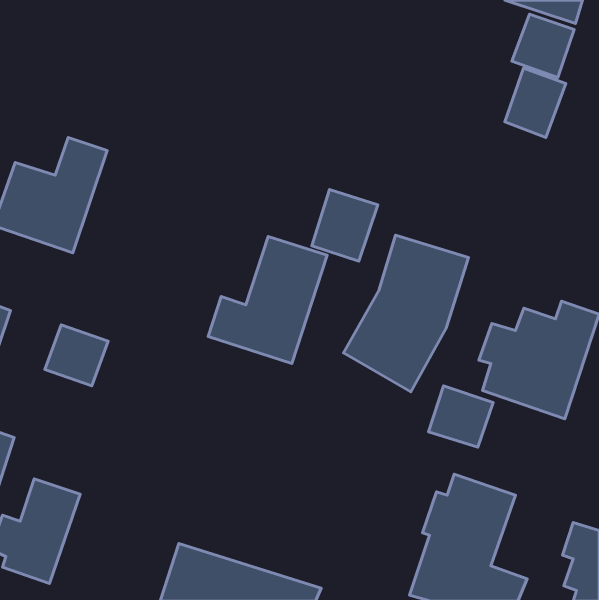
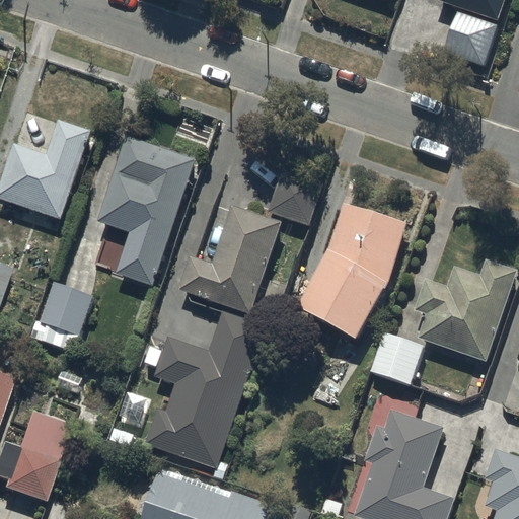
building: [505,68,566,137] -> none
building: none -> [97,134,197,285]
building: none -> [146,313,274,469]

